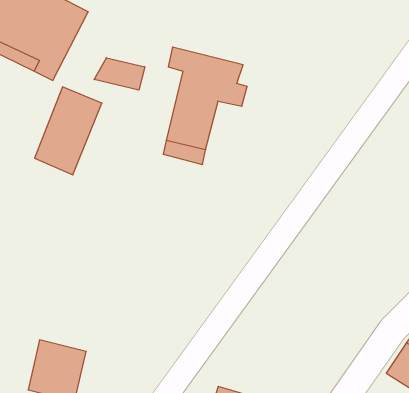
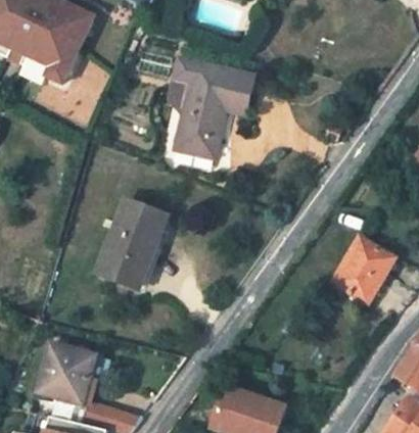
building: [94,58,145,90] -> none
building: [35,87,102,175] -> [99,199,166,286]
building: none -> [333,237,395,303]

